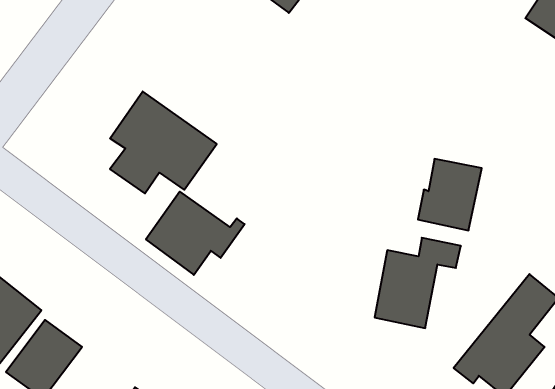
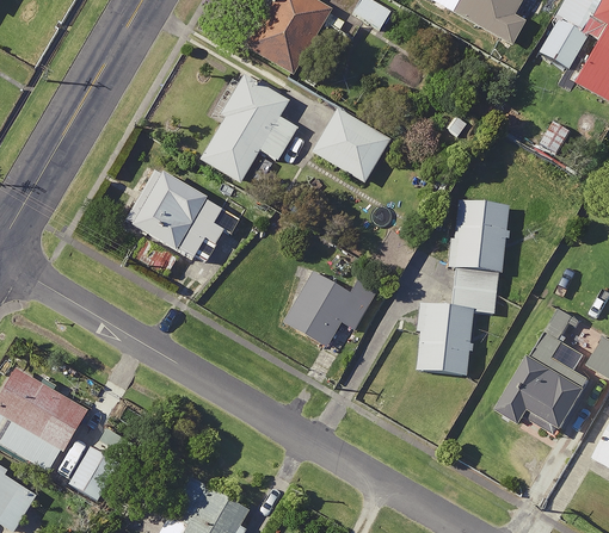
building: none -> [201,76,296,182]
building: none -> [313,110,390,182]
building: [146,192,245,275] -> [277,265,375,347]

